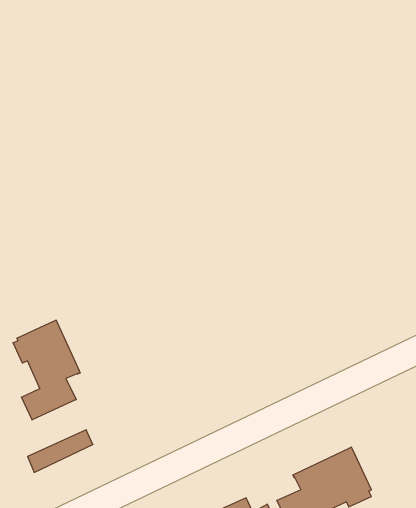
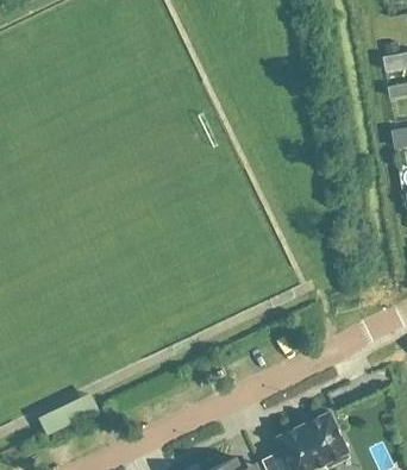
building: [13,320,80,420] -> none

